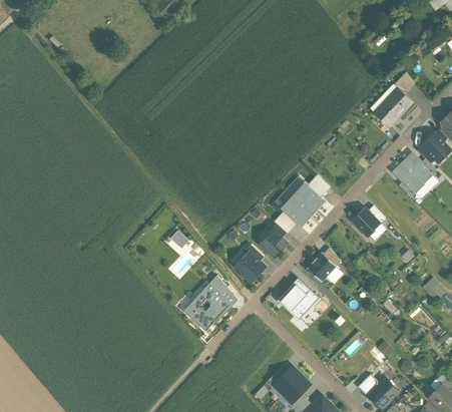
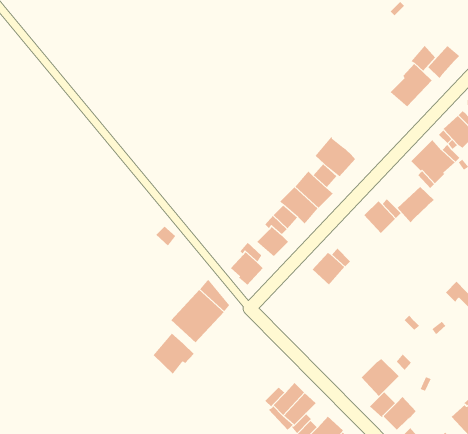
building: none -> [427,45,460,79]
building: none -> [315,137,356,177]
building: none -> [397,186,435,223]
building: [279,279,319,321] -> none
building: none -> [153,333,195,375]
building: none -> [361,358,399,397]

